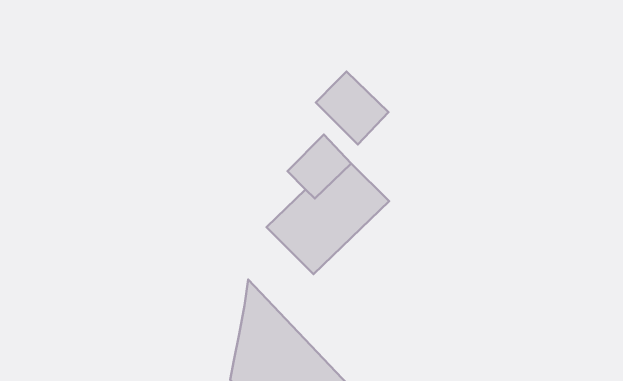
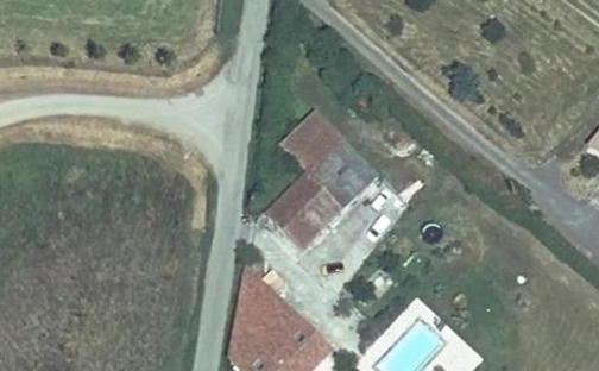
building: [316,72,389,145] -> none

